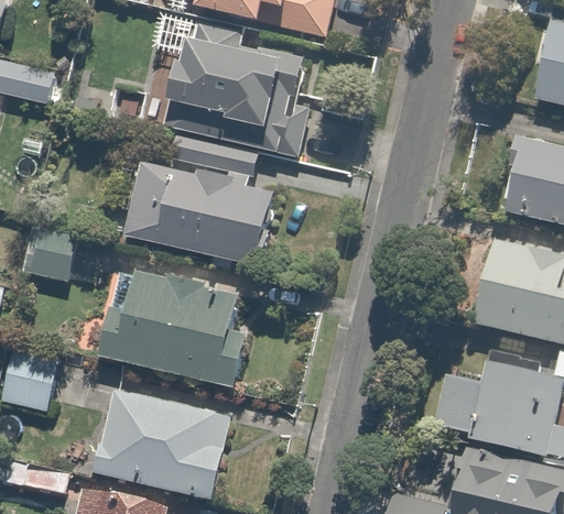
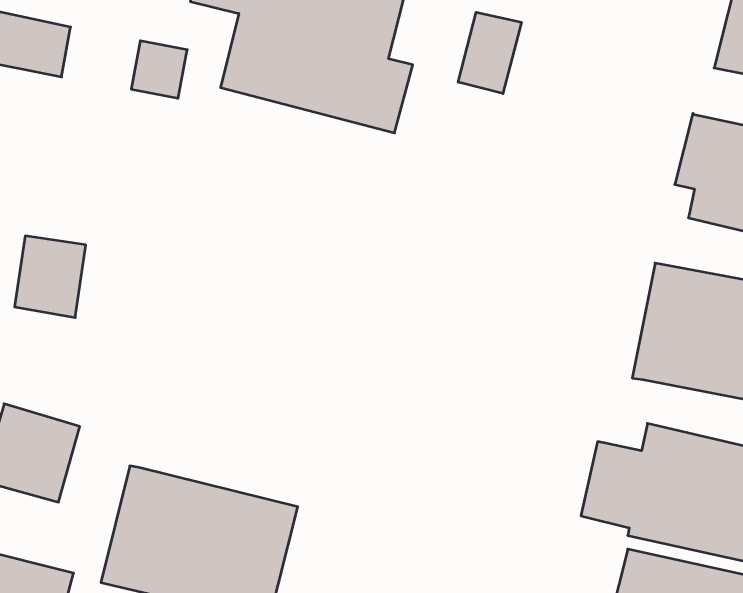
building: none -> [458,12,521,94]
building: [124,130,280,267] -> none
building: [96,276,249,384] -> none

